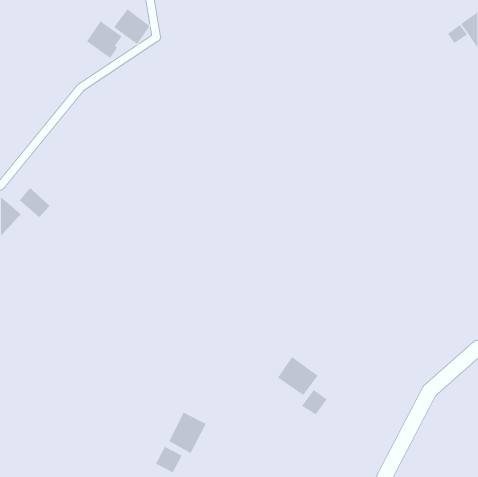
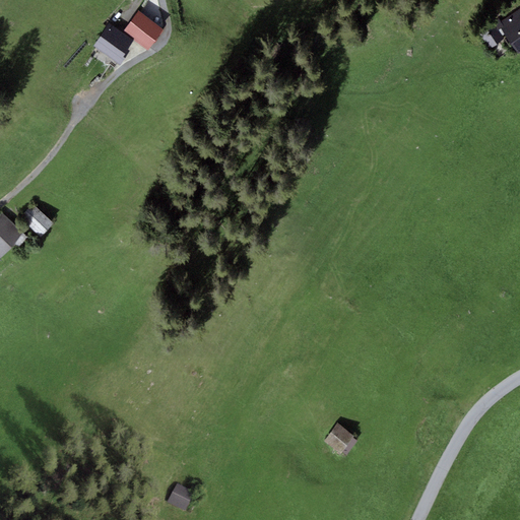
building: [277,356,319,396] -> none
building: [169,412,207,454] -> none

